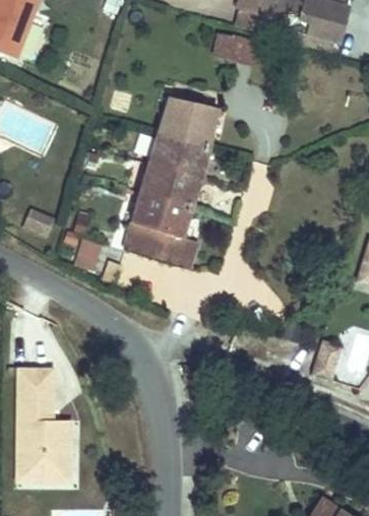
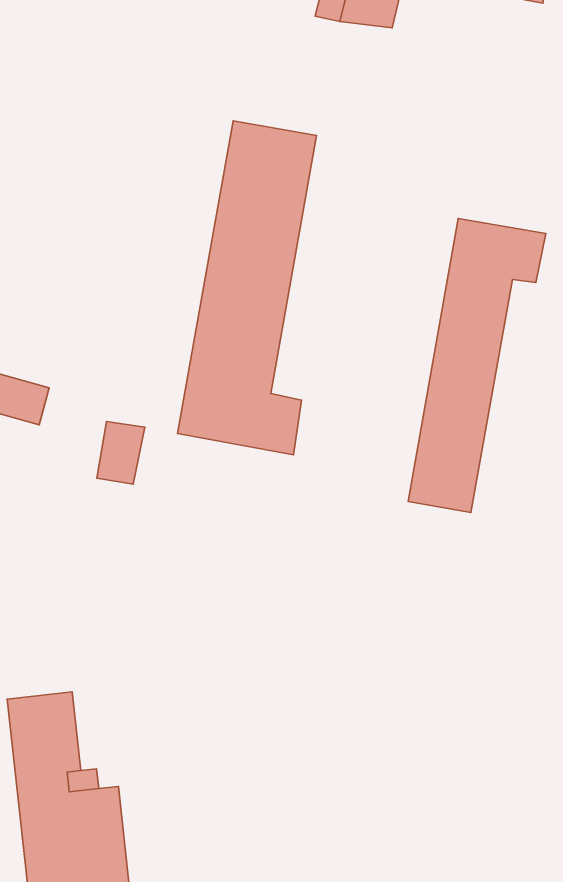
building: none -> [408,219,546,513]

